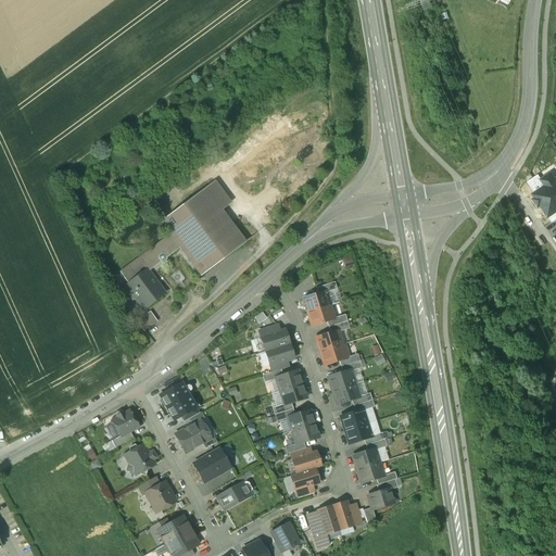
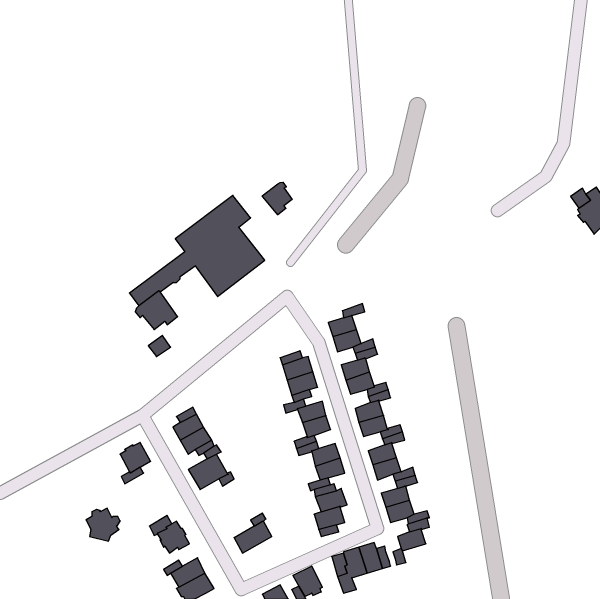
building: none -> [262,182,292,215]
building: [125,443,156,473] -> [86,508,120,541]
building: [194,447,231,481] -> none

